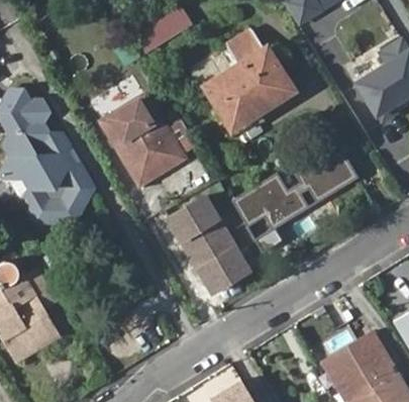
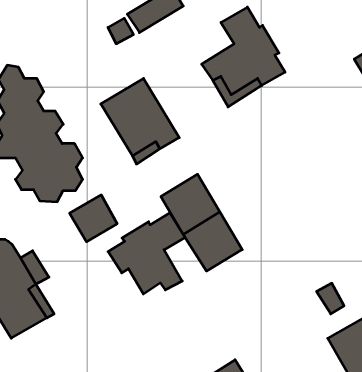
building: [234,141,357,233] -> none
building: none -> [70,195,117,242]
building: none -> [108,213,185,294]

